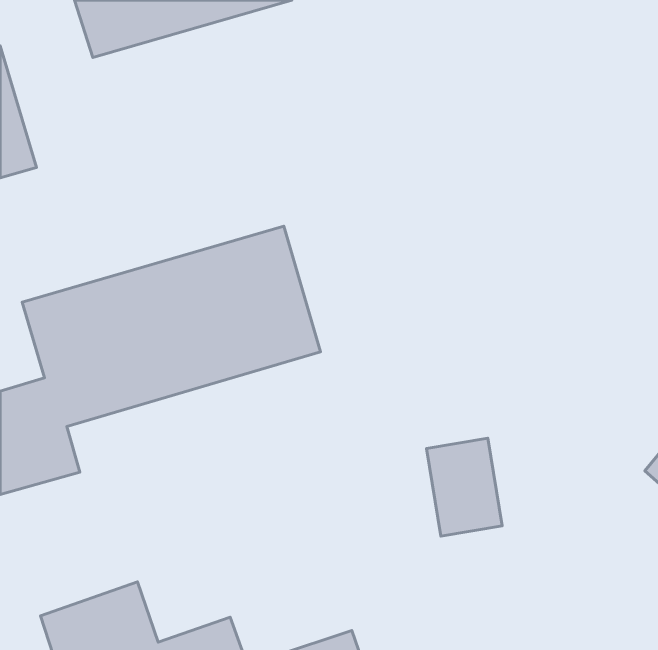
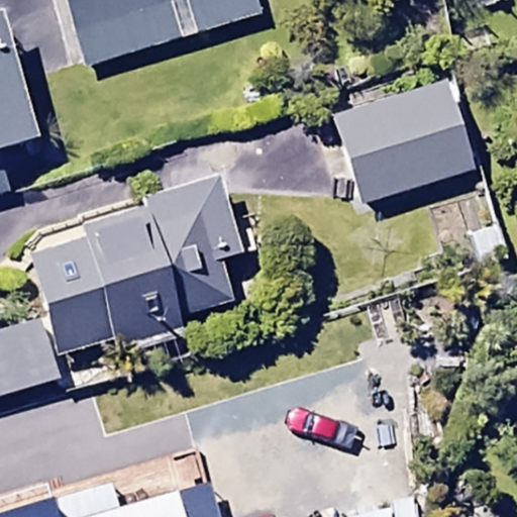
building: none -> [333,76,481,210]

